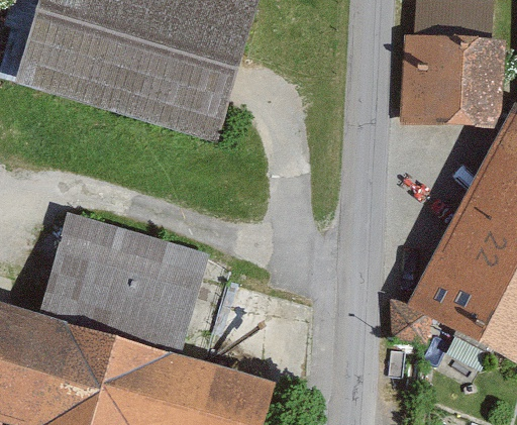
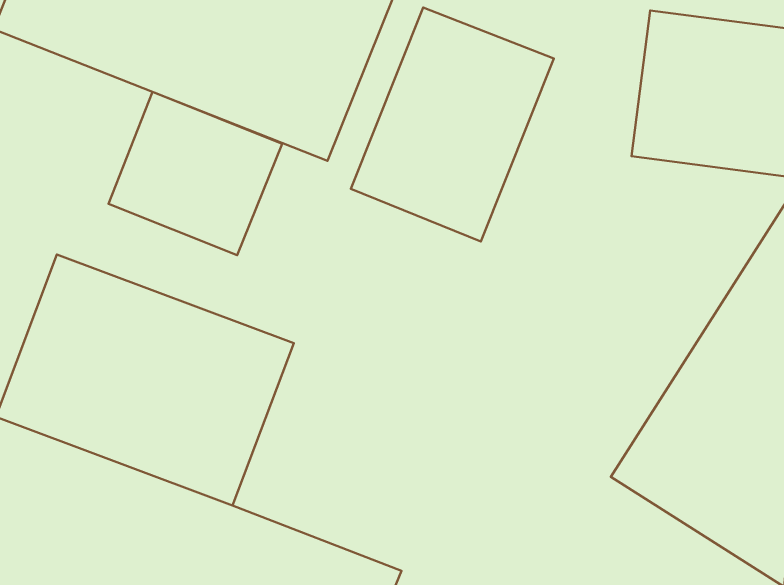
building: none -> [351,8,554,242]
building: none -> [109,92,282,255]

